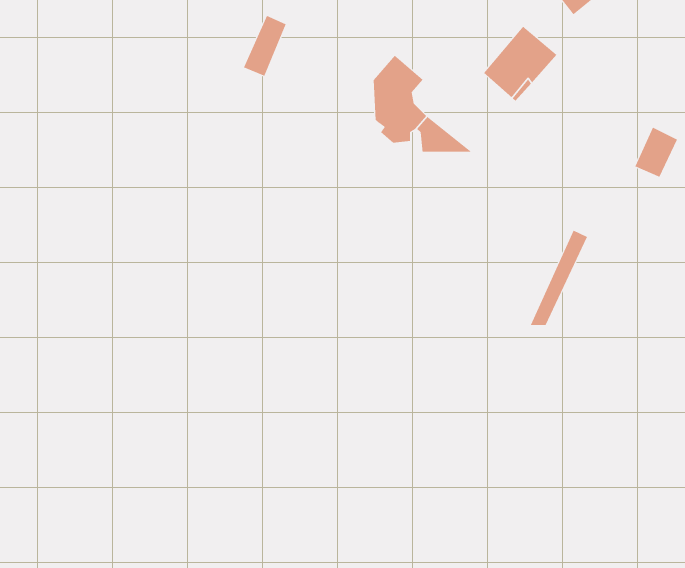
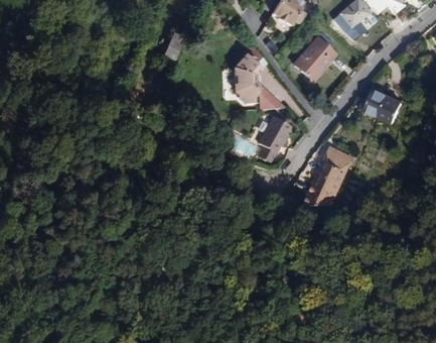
building: none -> [365,88,390,117]
building: none -> [259,117,291,153]
building: none -> [301,146,345,206]

